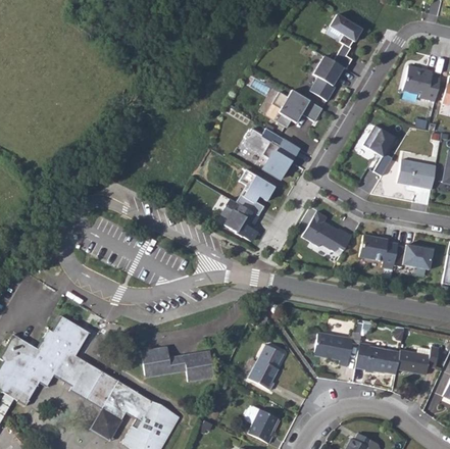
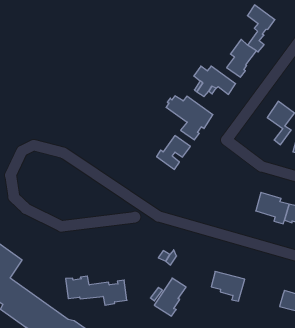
building: [222,198,259,241] -> none
building: [302,210,353,251] -> none
building: [355,343,400,372] -> none

